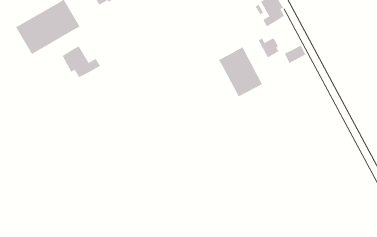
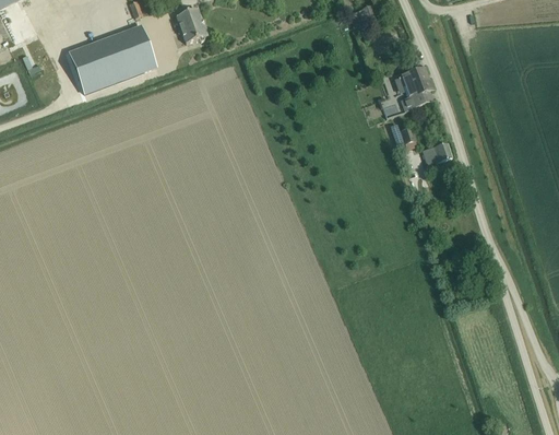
building: [62,45,101,78] -> none
building: [218,47,263,97] -> none

